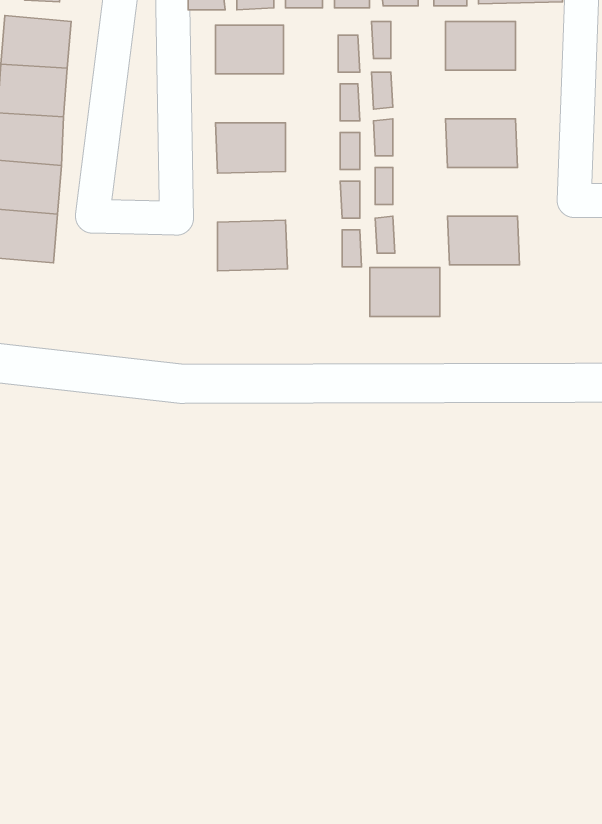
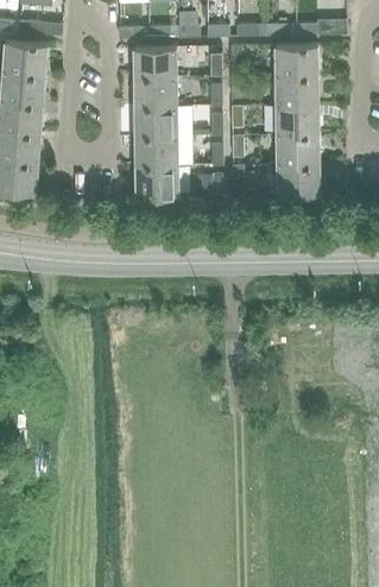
building: none -> [274,75,317,105]
building: none -> [134,77,177,107]
building: none -> [135,137,177,168]
building: [370,268,440,316] -> [276,134,318,164]

